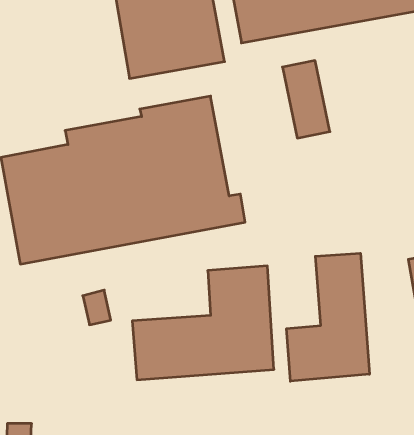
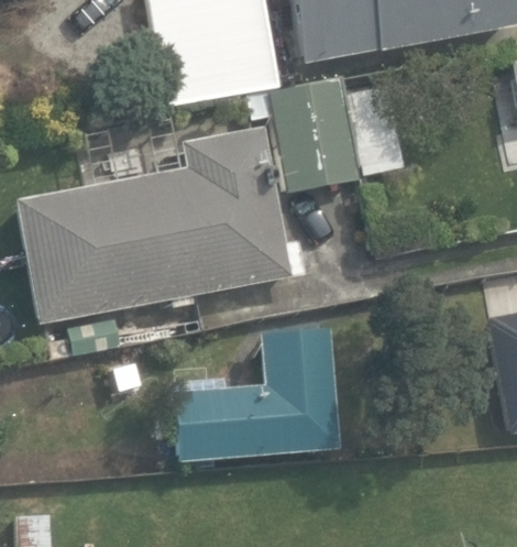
building: none -> [268,79,360,193]
building: [287,253,369,381] -> none

